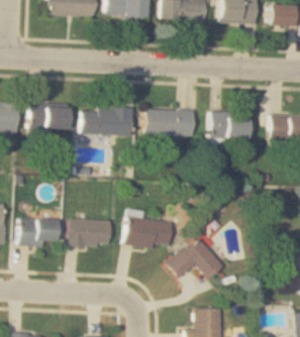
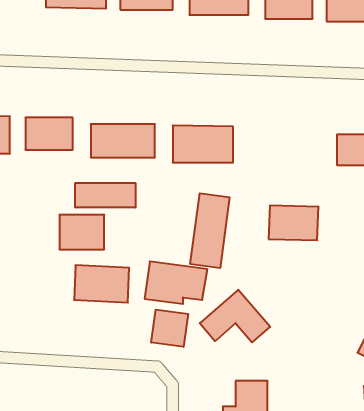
building: [207,112,246,139] -> [269,206,319,240]
building: none -> [75,183,135,208]
building: none -> [190,193,230,268]
building: [17,218,53,245] -> [59,215,104,249]
building: none -> [151,310,188,347]

